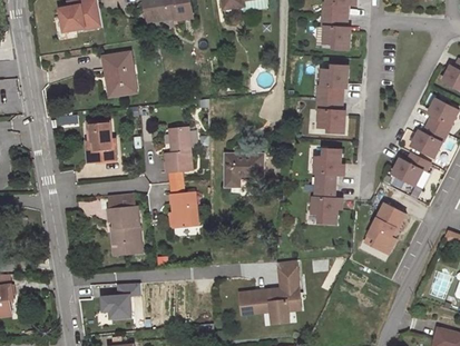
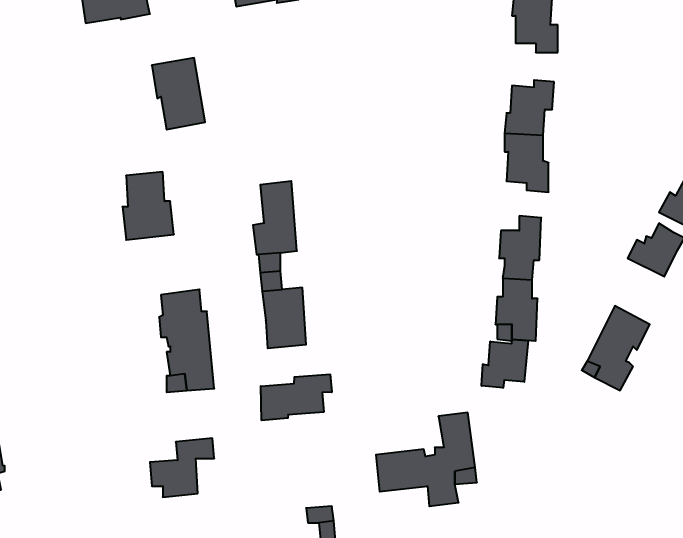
building: [225,154,262,186] -> none
building: none -> [482,340,528,388]
building: none -> [261,374,332,420]

